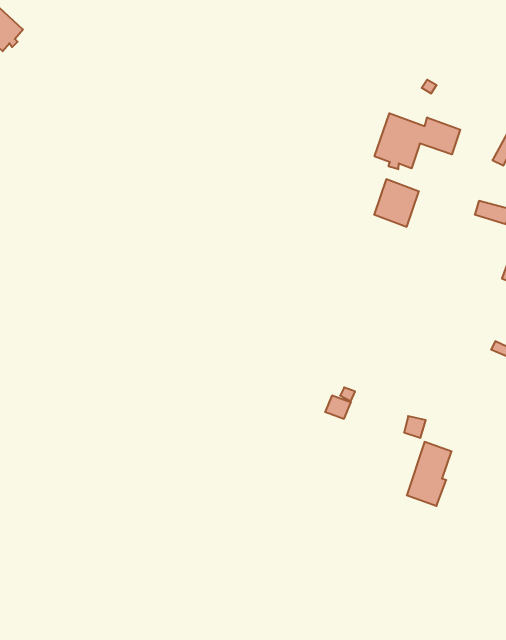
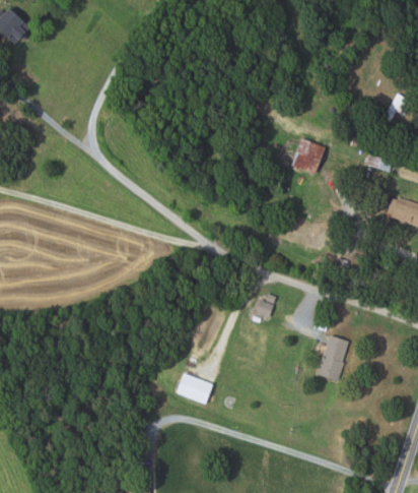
building: [375,113,460,169] -> none
building: none -> [176,375,212,405]

